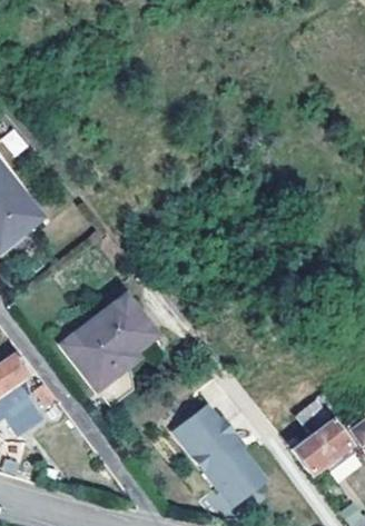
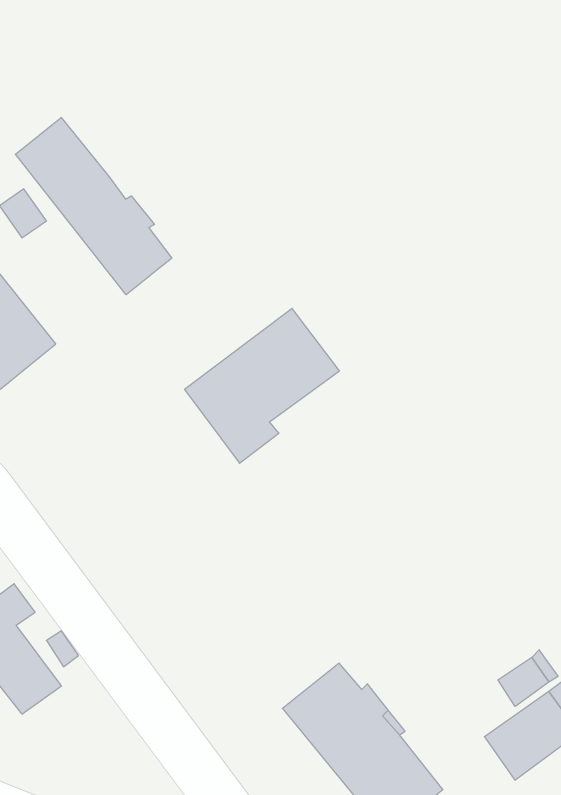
building: none -> [15,117,172,295]
building: [62,297,154,388] -> [185,308,339,463]

